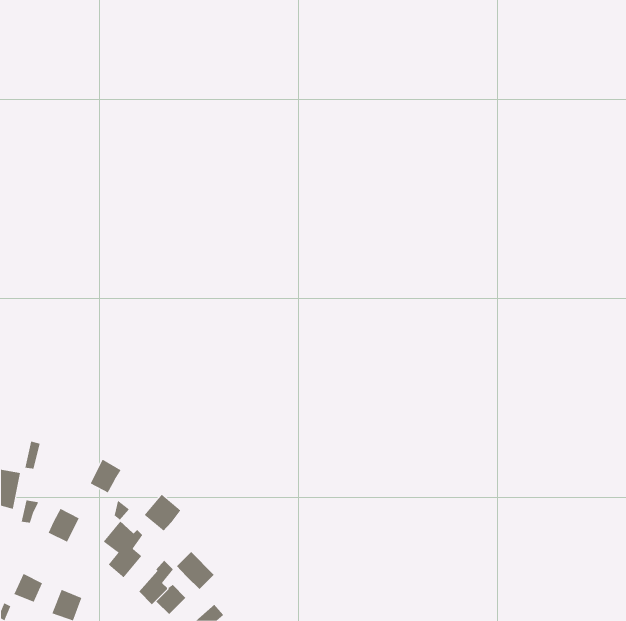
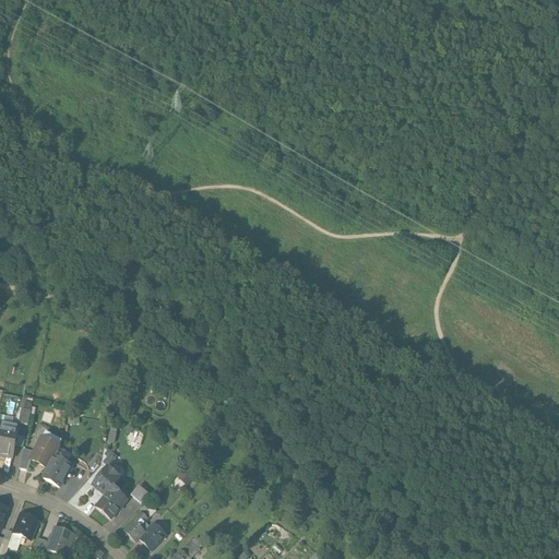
building: [90,459,122,493] -> [31,435,59,465]
building: [144,494,181,532] -> none
building: [176,551,215,590] -> none

